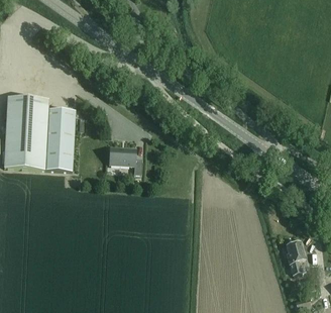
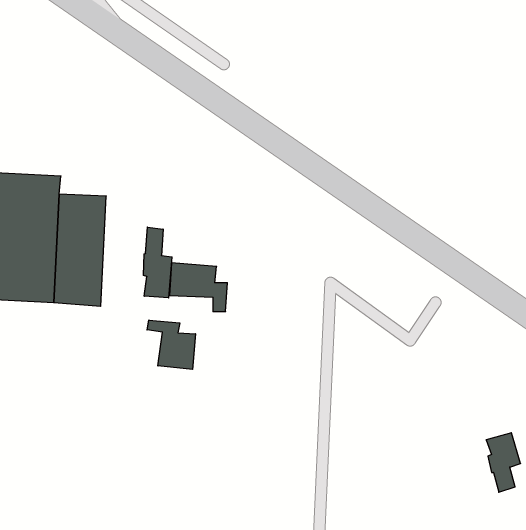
building: none -> [143,227,172,298]
building: none -> [147,320,195,369]

